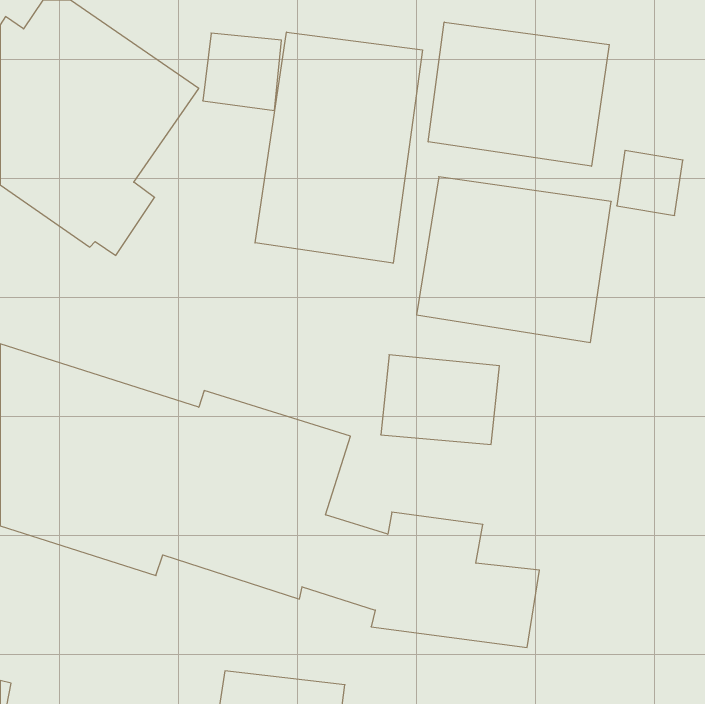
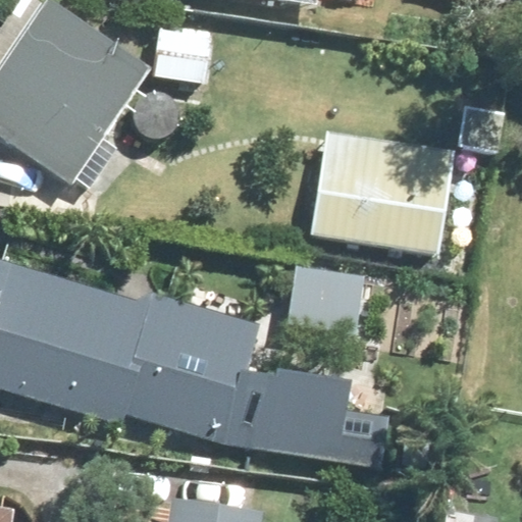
building: [428,22,609,166] -> none
building: [255,32,422,263] -> none

